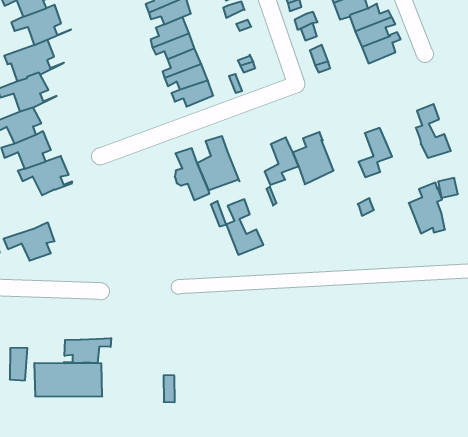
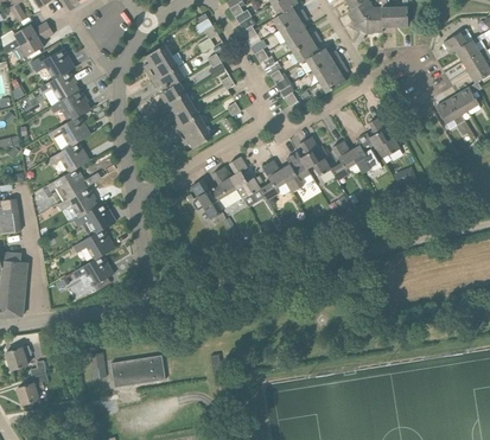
building: none -> [300,135,331,176]
building: [409,183,445,233] -> [350,132,381,172]
building: none -> [74,228,120,260]
building: [226,199,263,255] -> [229,155,261,198]
building: [64,338,111,363] -> none

